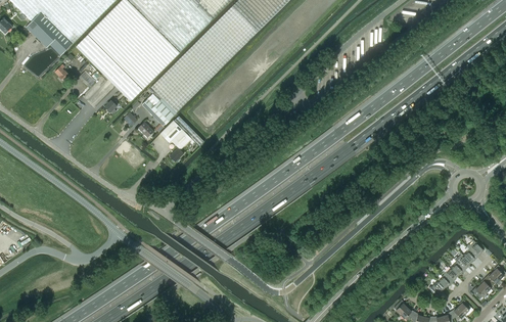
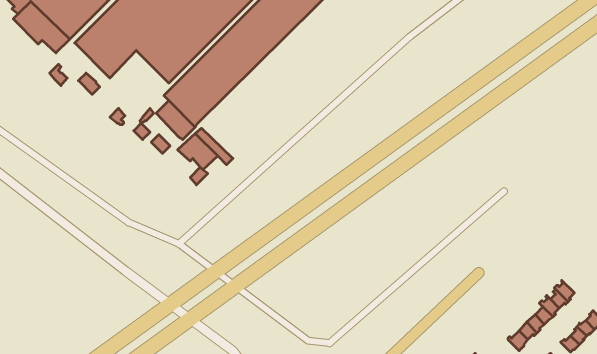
building: [104,52,152,101] -> none

